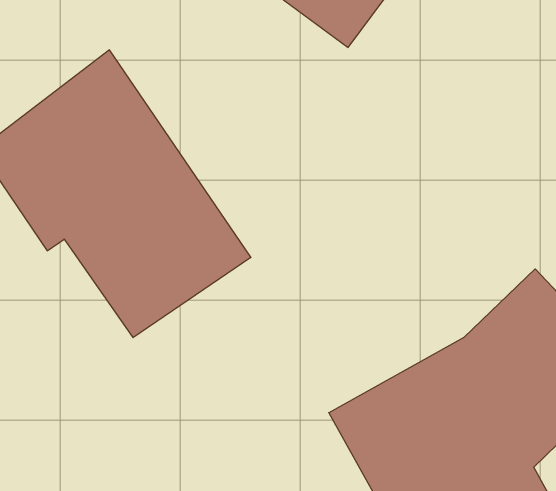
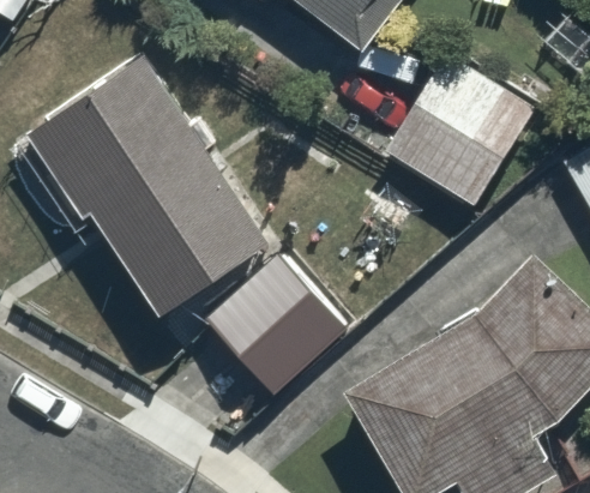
building: none -> [392,62,531,200]
building: none -> [204,260,343,398]

